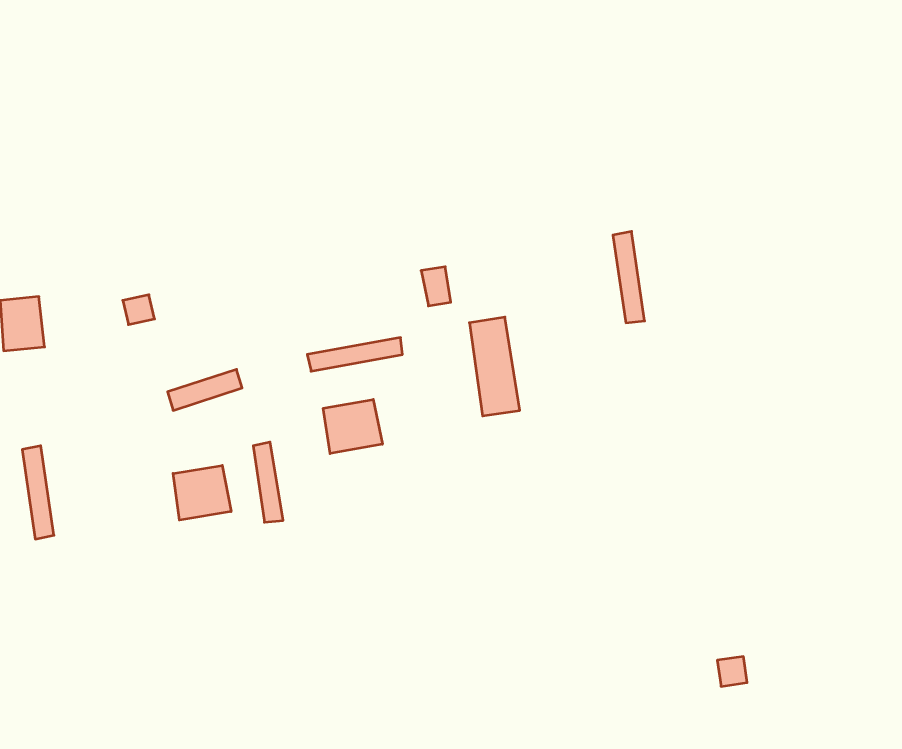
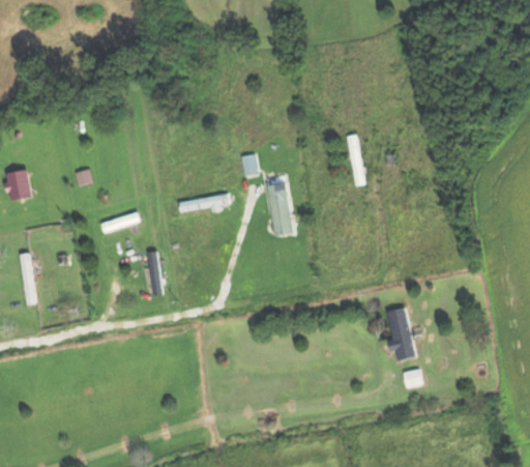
building: [323,399,382,454] -> none
building: [173,465,231,520] -> none
building: none -> [386,308,415,361]

